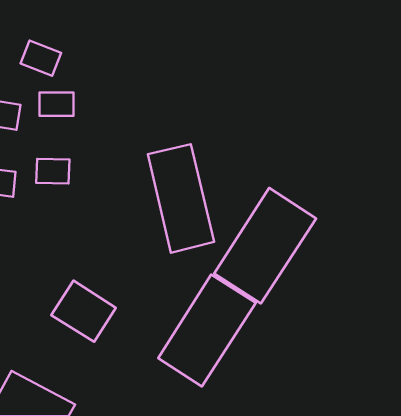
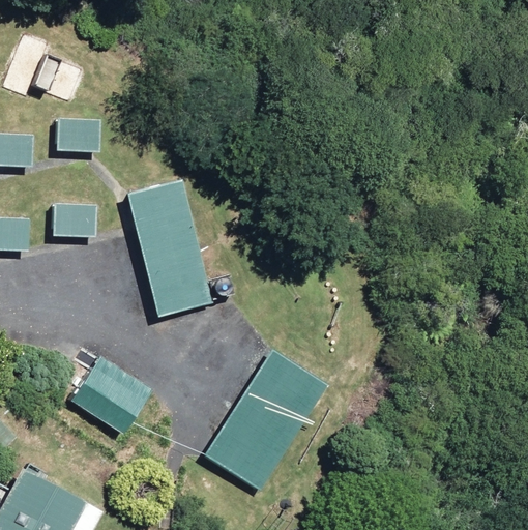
building: [148,144,214,253] -> [126,181,209,317]
building: [214,188,316,303] -> none

